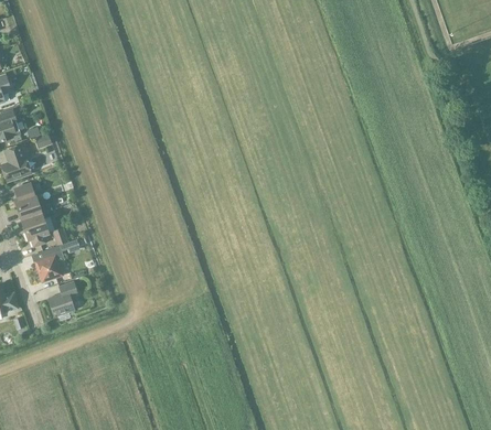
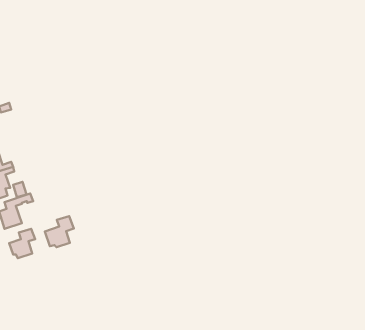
building: none -> [45,216,74,247]

